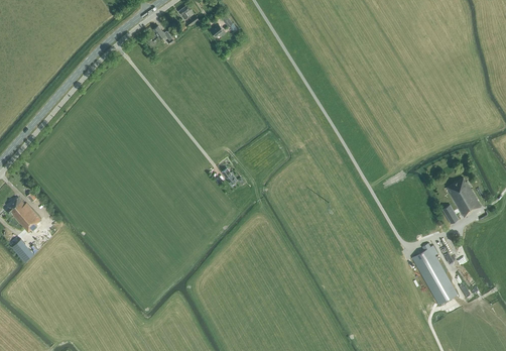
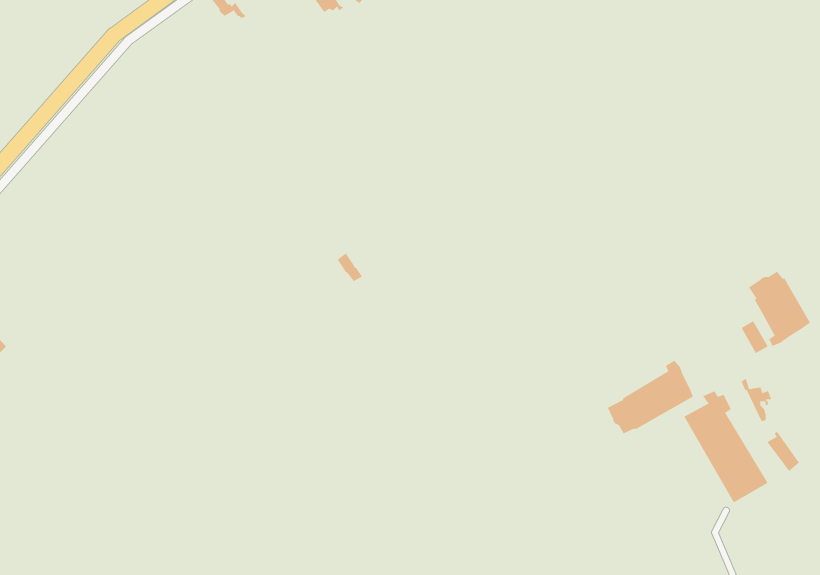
building: none -> [607,360,694,434]

